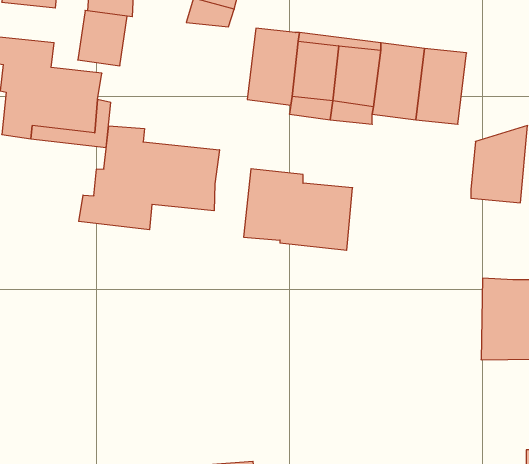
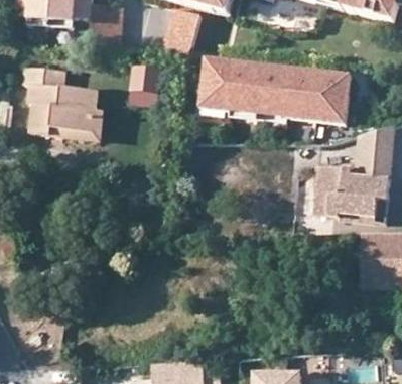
building: [78,10,127,66] -> [127,67,161,105]
building: [79,126,219,230] -> none
building: [244,169,353,250] -> [312,164,388,221]

